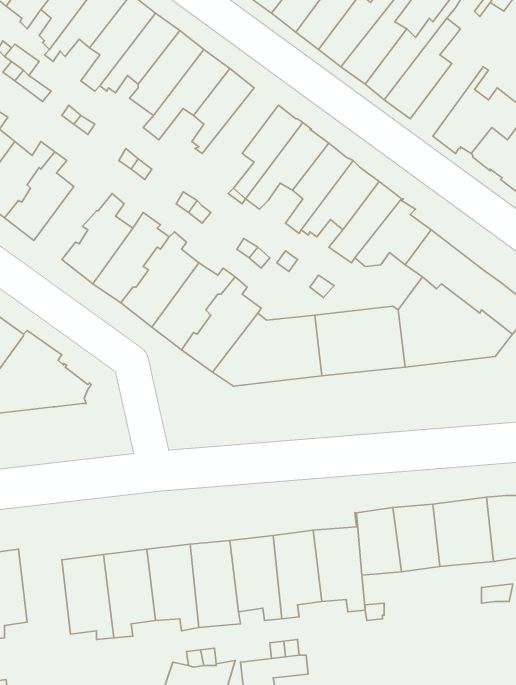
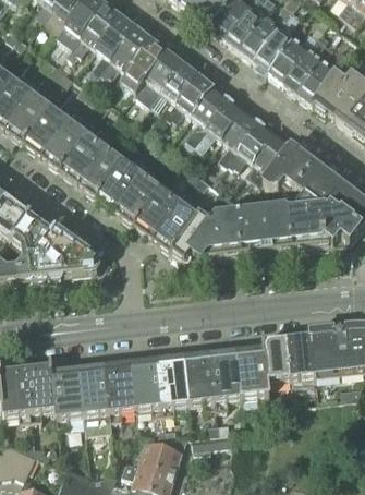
building: none -> [296,45,349,101]
building: none -> [166,71,214,118]
building: none -> [60,132,109,179]
building: none -> [50,361,83,422]

